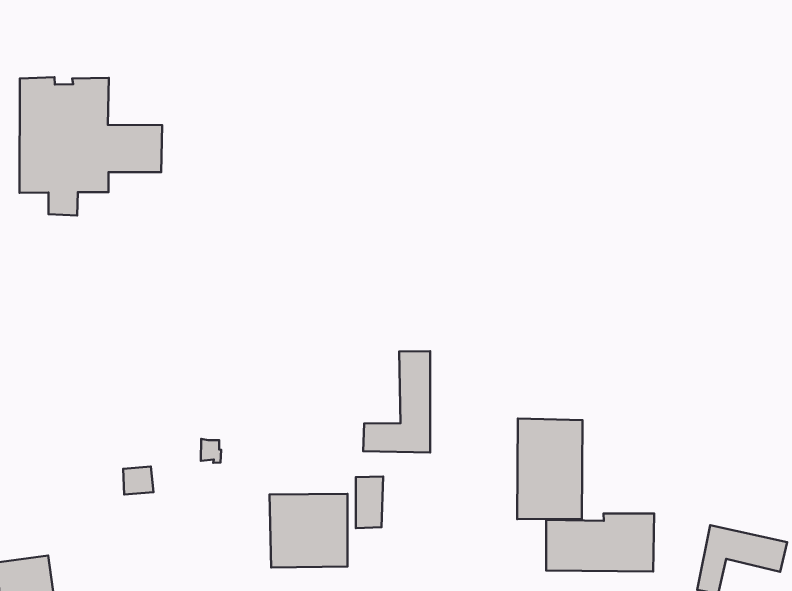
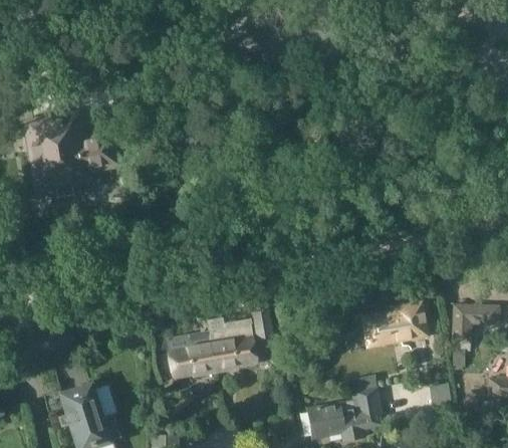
building: [363,351,430,453] -> none
building: [517,418,583,519] -> none
building: none -> [153,329,215,382]

